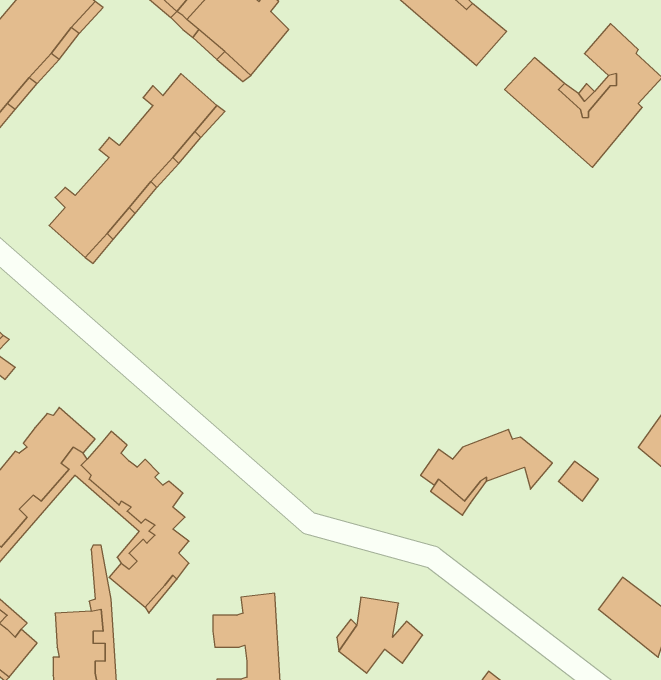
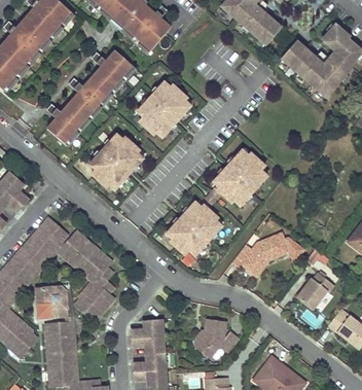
building: none -> [137,81,190,137]
building: none -> [88,133,143,189]
building: none -> [166,148,268,255]
building: none -> [296,273,333,309]
building: none -> [37,289,69,320]

